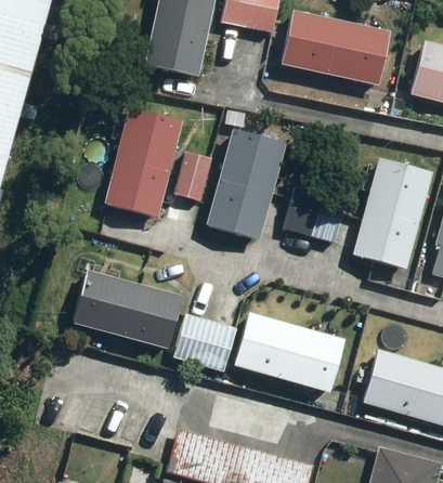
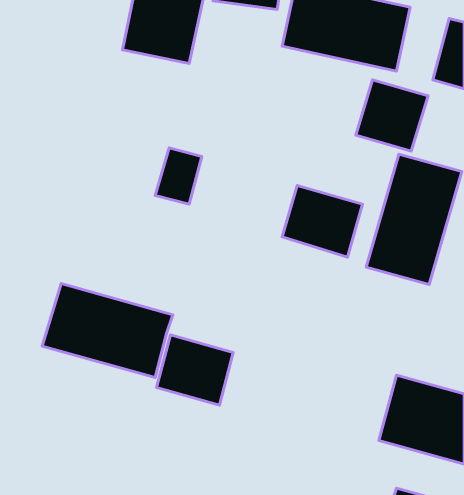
building: none -> [356,80,428,151]
building: [104,102,186,219] -> none
building: [207,126,288,240] -> none
building: [234,313,347,394] -> none

